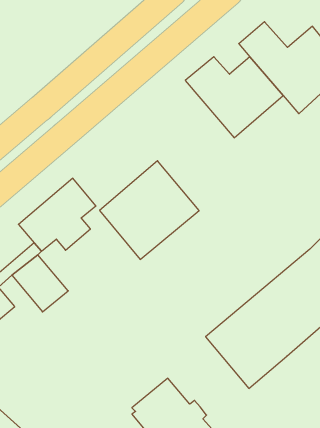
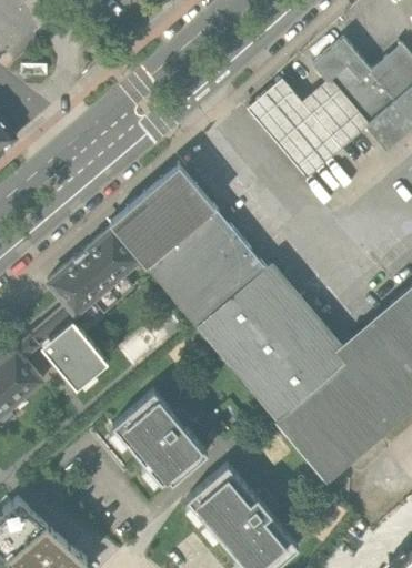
building: none -> [108,163,214,265]
building: none -> [193,265,342,417]
building: none -> [111,390,207,484]

